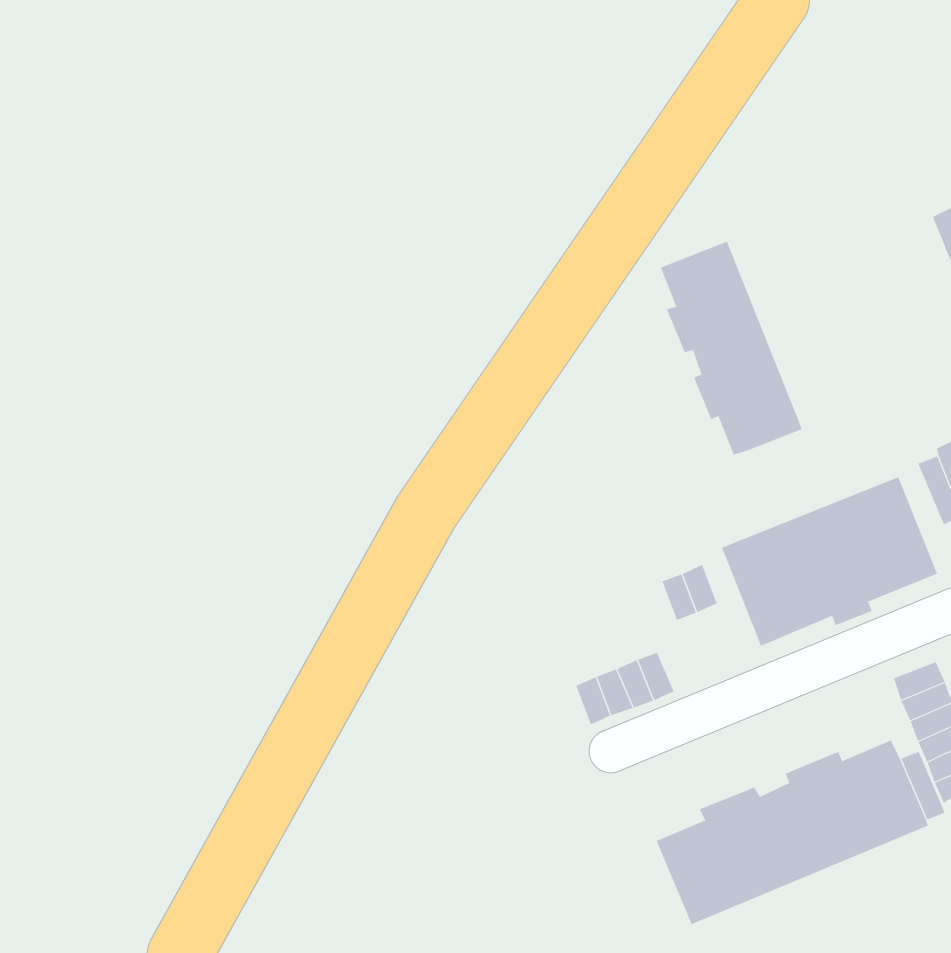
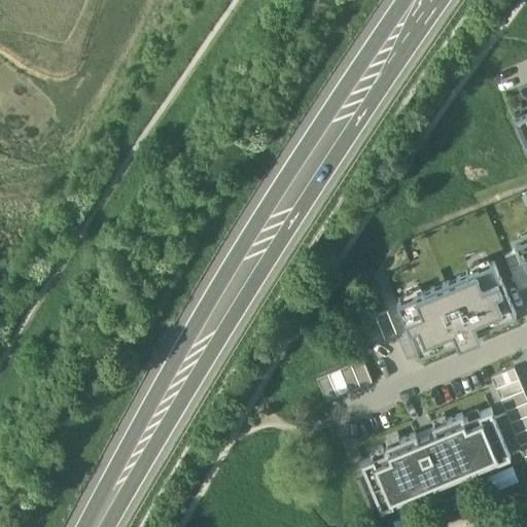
building: [660,241,802,456] -> none

